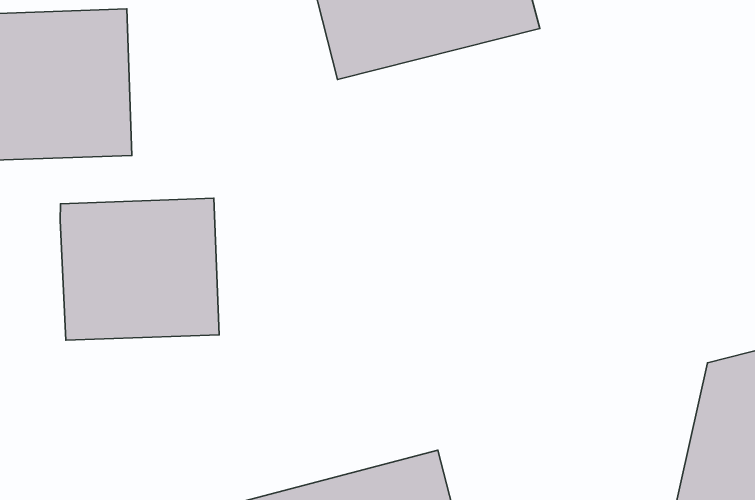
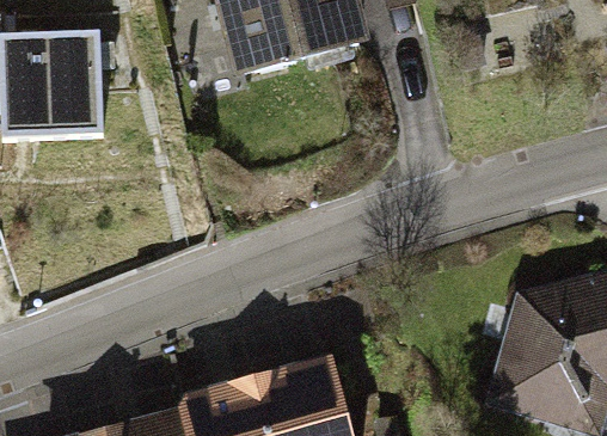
building: [60,198,219,340] -> none

